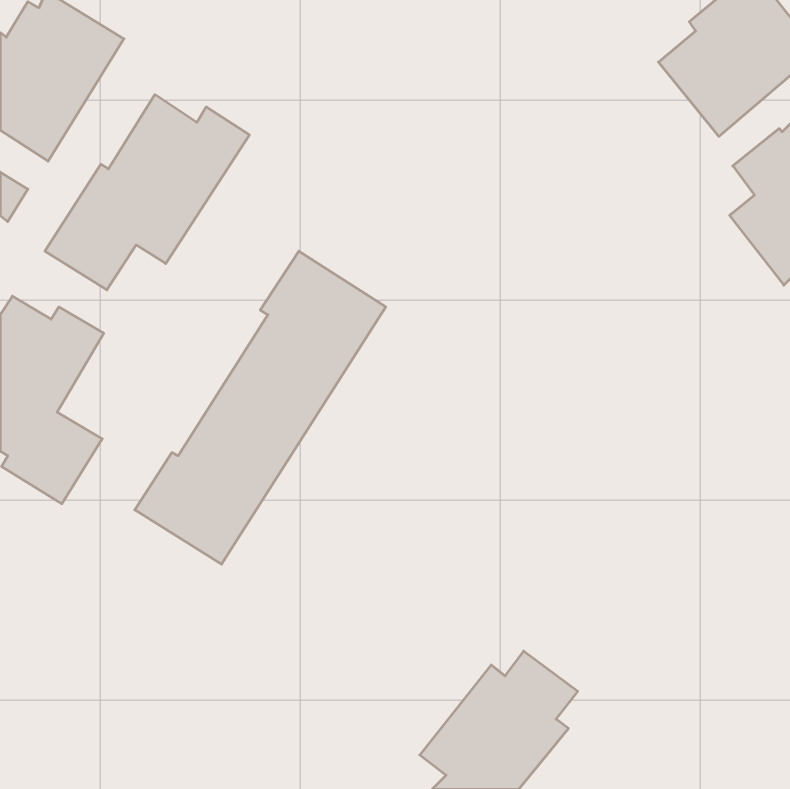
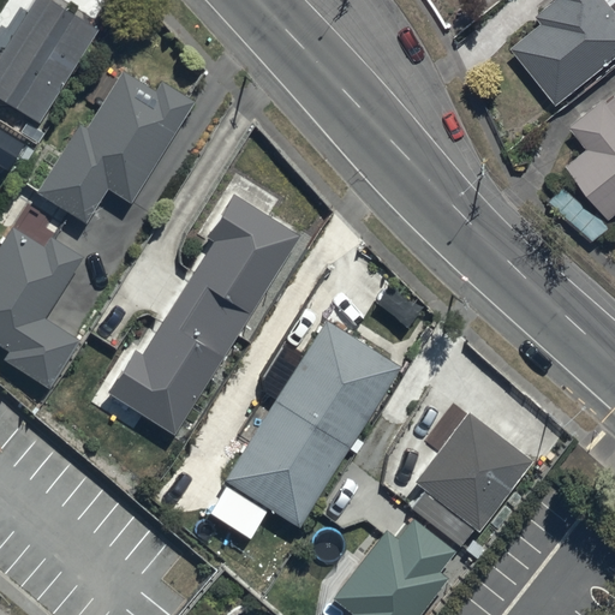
building: none -> [222,320,401,530]
building: none -> [406,399,530,537]

